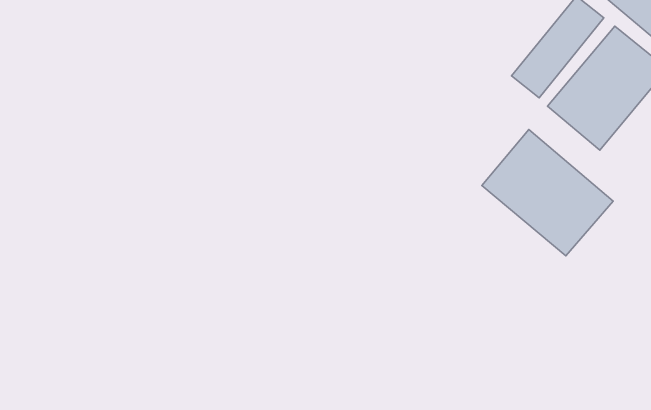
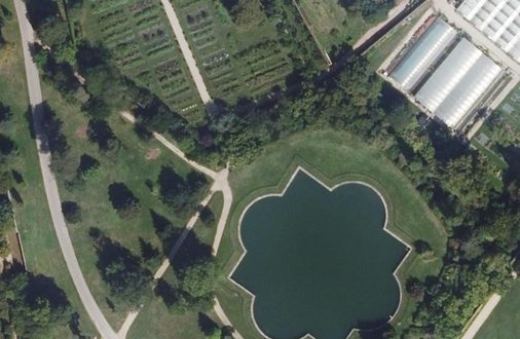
building: [482,130,613,256] -> none

